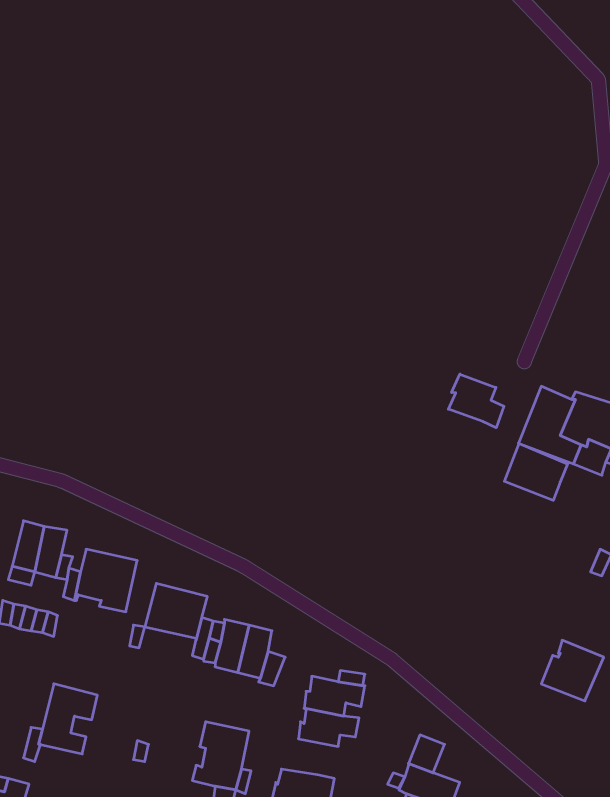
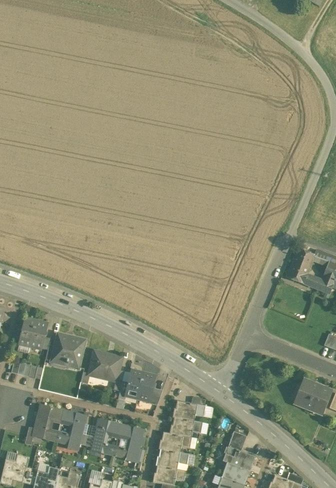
building: [448,374,504,428] -> none
building: [504,443,568,500] -> none
building: none -> [56,410,86,446]
building: none -> [91,419,121,455]
building: none -> [159,432,191,452]

